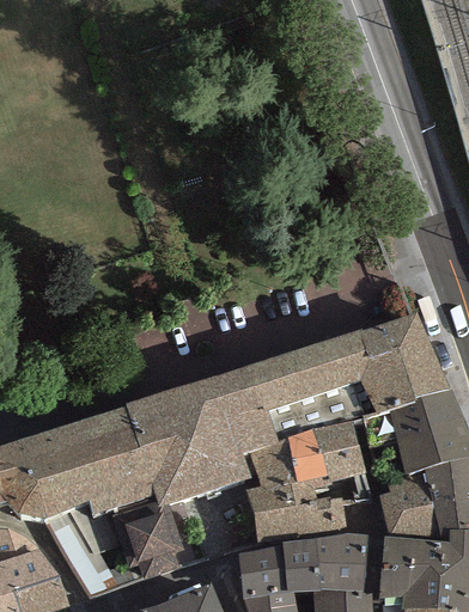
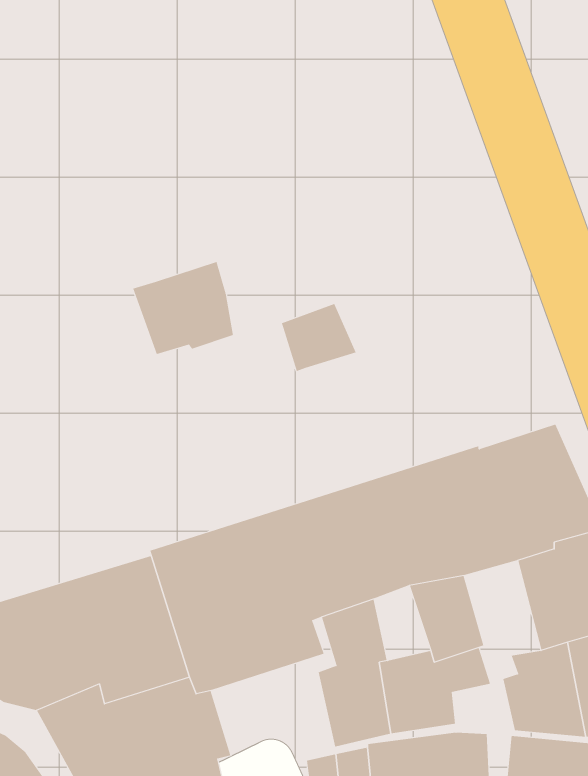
building: none -> [133,261,234,355]
building: none -> [281,303,356,372]
building: [286,429,327,483] -> none

